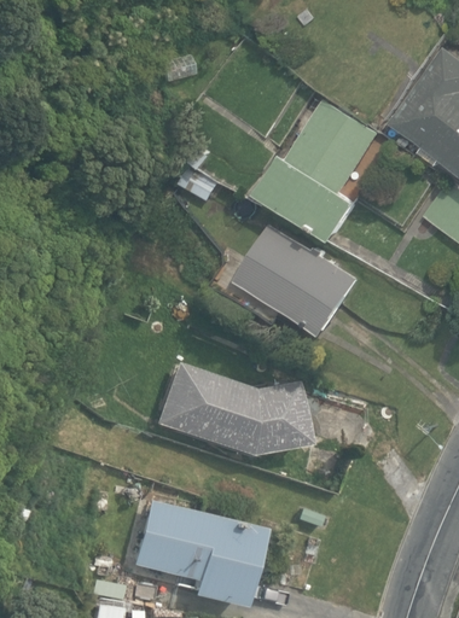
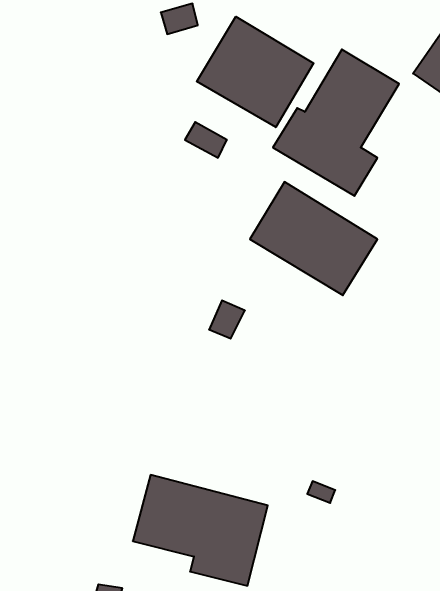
building: none -> [197,17,314,127]
building: [152,363,301,454] -> none

